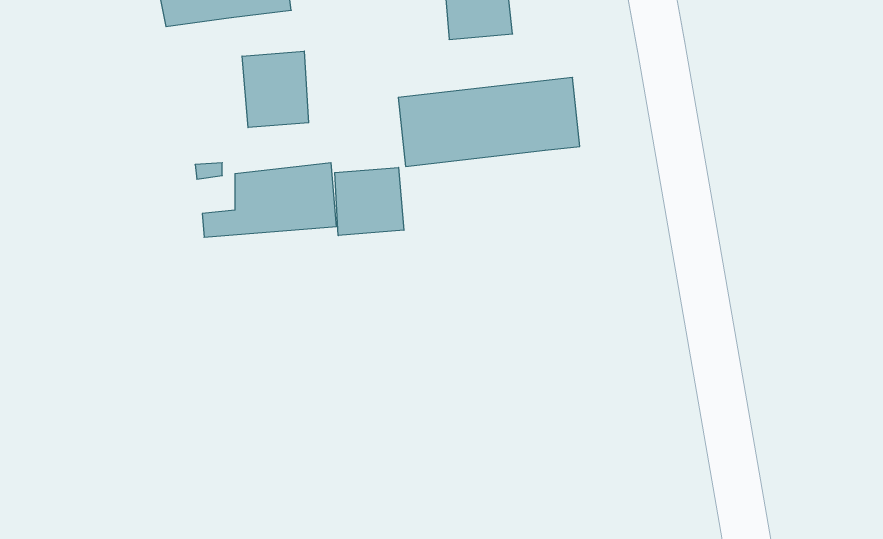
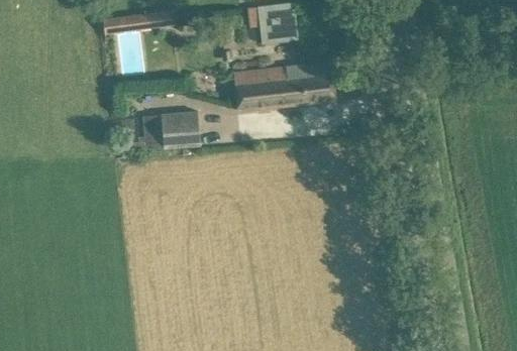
building: [242,51,309,128] -> none
building: [335,167,404,236] -> none

